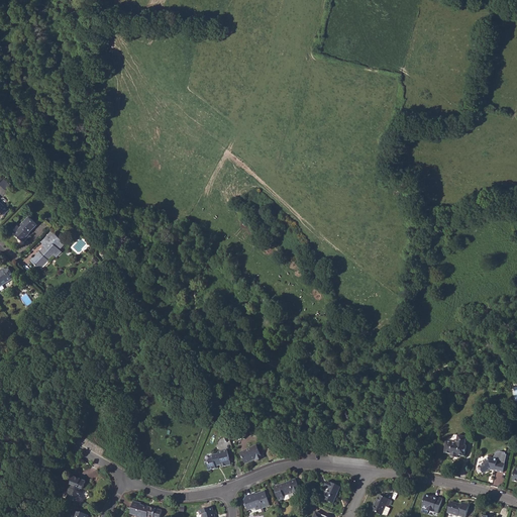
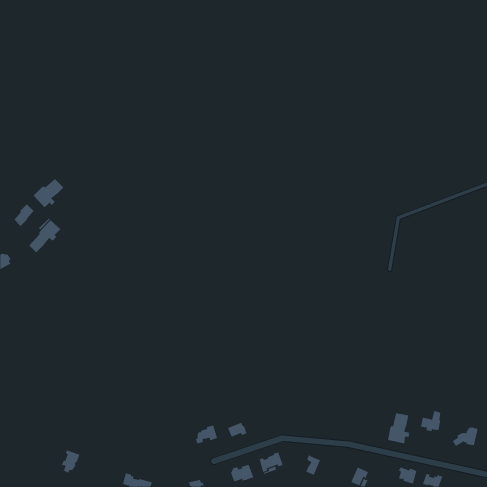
building: none -> [33,178,64,208]
building: none -> [387,413,410,444]

